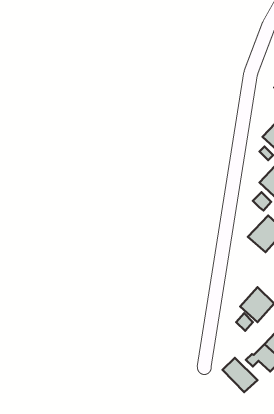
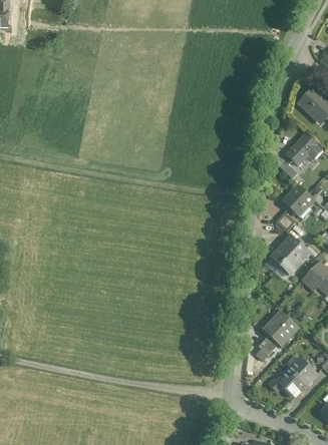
building: [223,358,257,392] -> none

